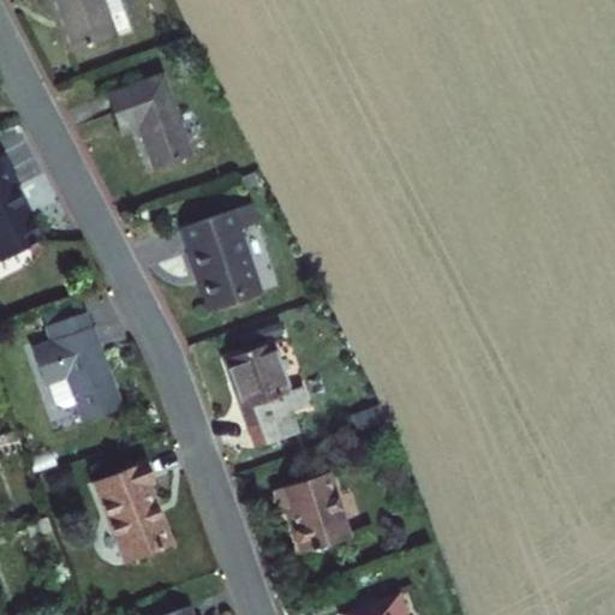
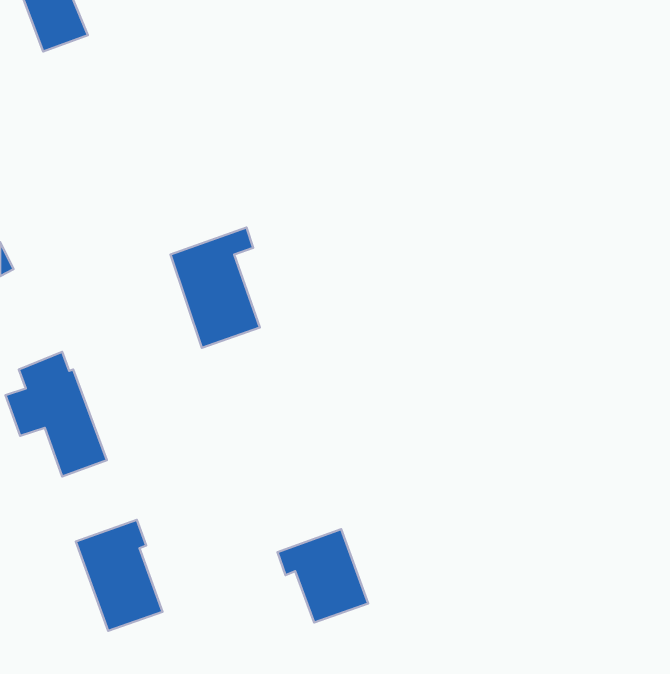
building: [94,70,178,160] -> none
building: [219,346,299,449] -> none

